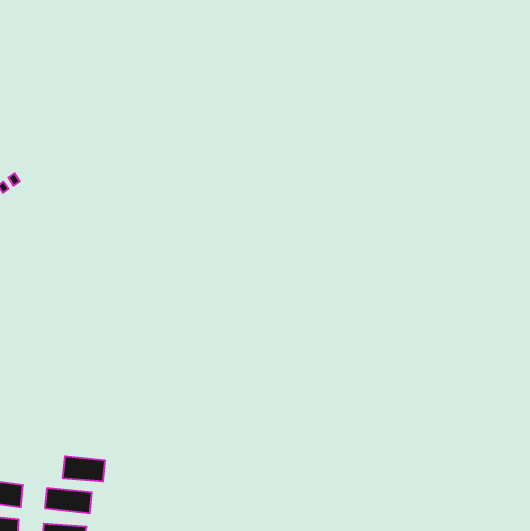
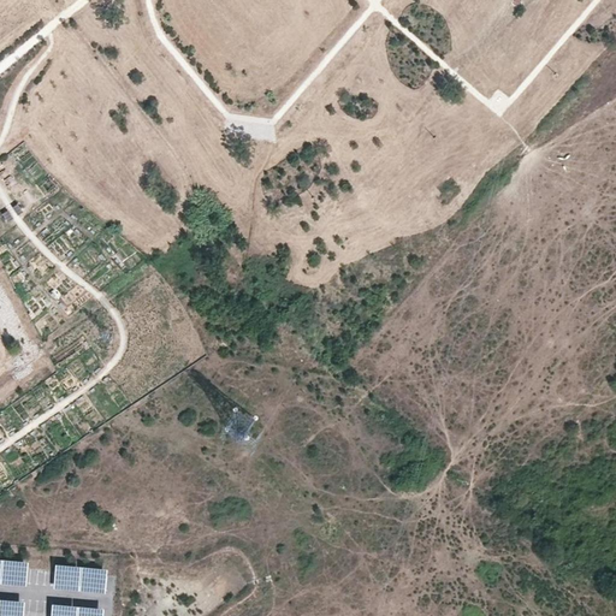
building: [63,456,105,482] -> none

